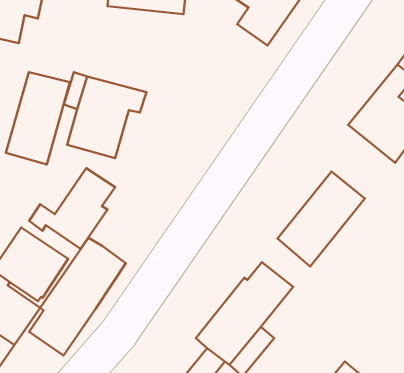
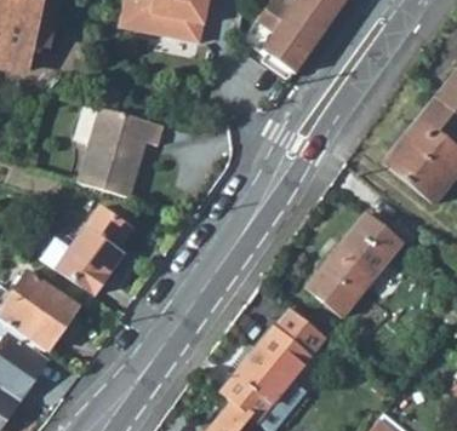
building: [6,72,70,165] -> none
building: [29,238,126,356] -> none

